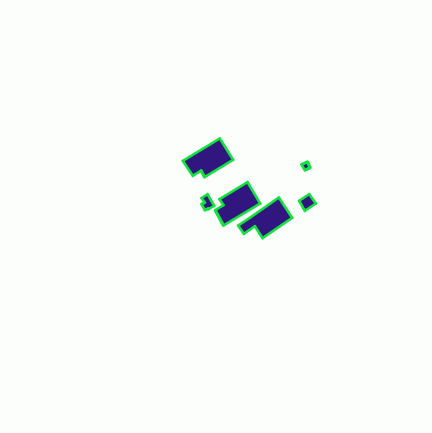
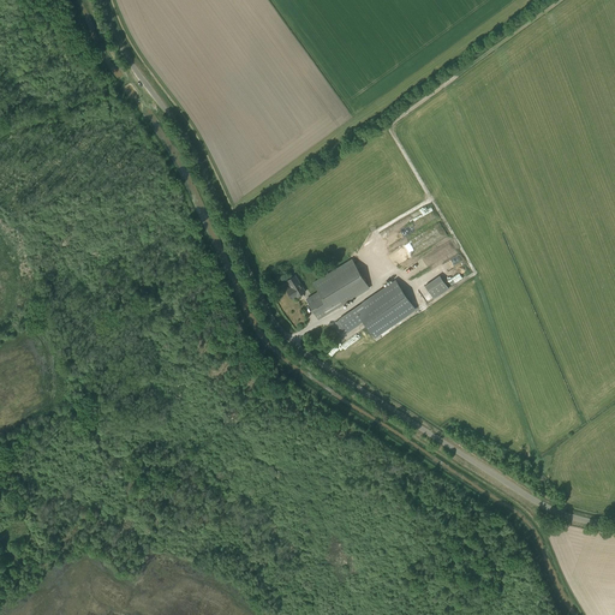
building: [183,138,233,177] -> none

